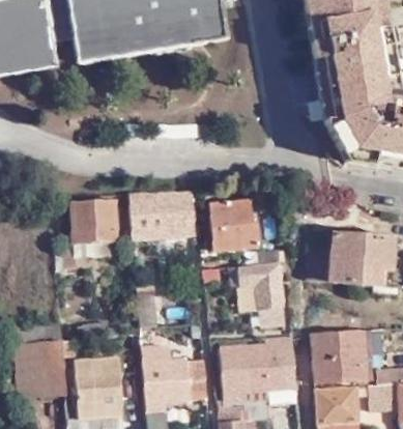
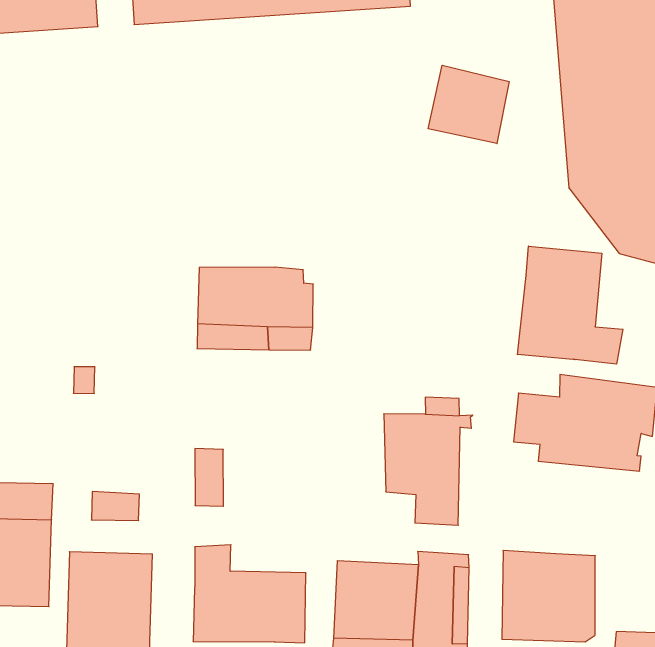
building: none -> [428,65,509,144]
building: none -> [518,246,623,364]
building: [71,199,115,242] -> none
building: [210,201,258,248] -> none

